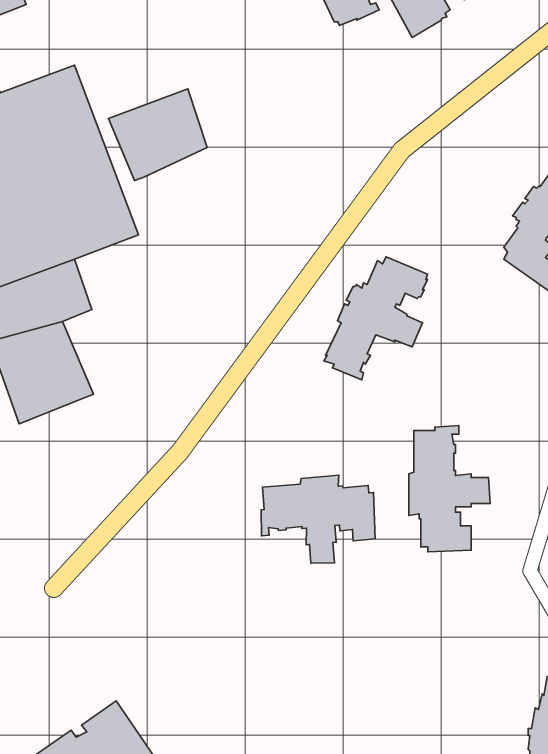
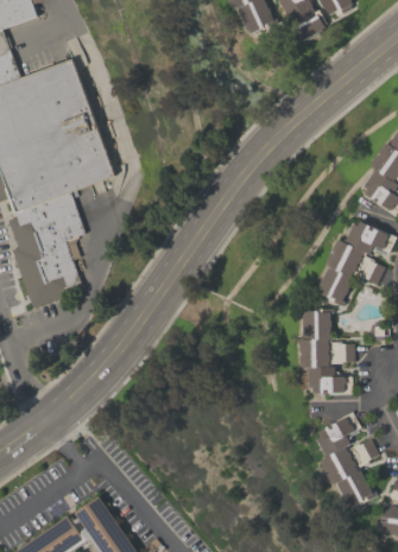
building: [109,89,207,181] -> none
building: [324,257,428,380] -> [317,221,388,305]
building: [261,475,375,563] -> none
building: none -> [316,412,379,509]

